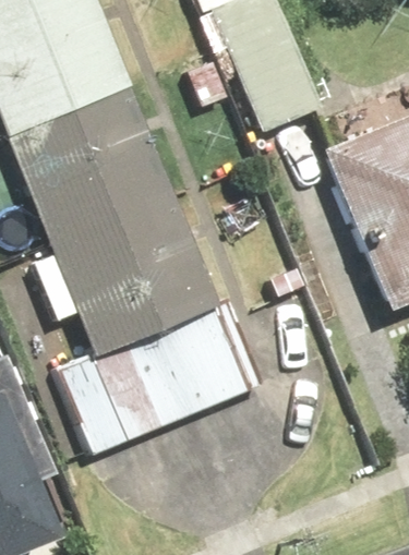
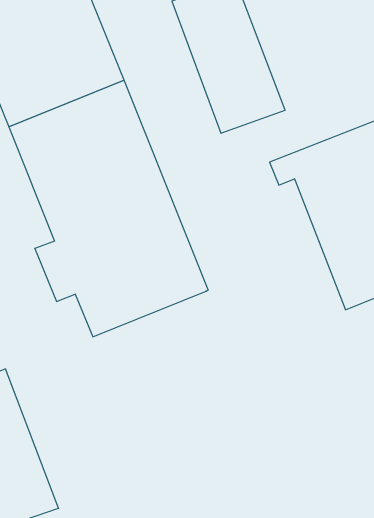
building: [55,307,252,456] -> none

